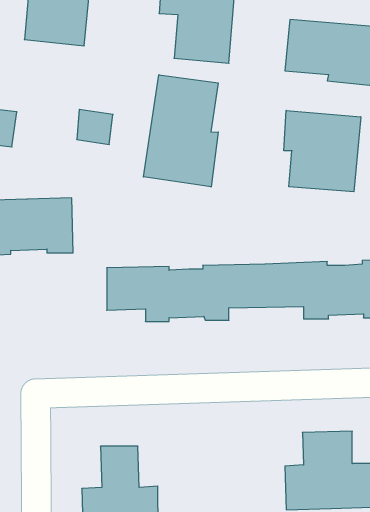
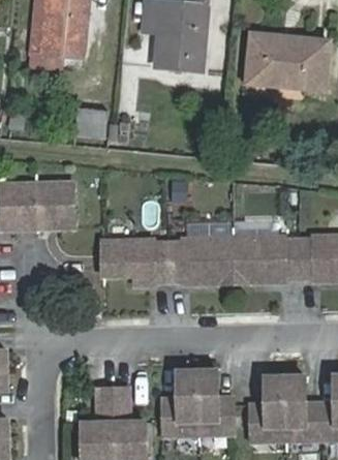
building: [143,75,218,187] -> none
building: [284,110,361,192] -> none
building: none -> [161,370,233,435]

